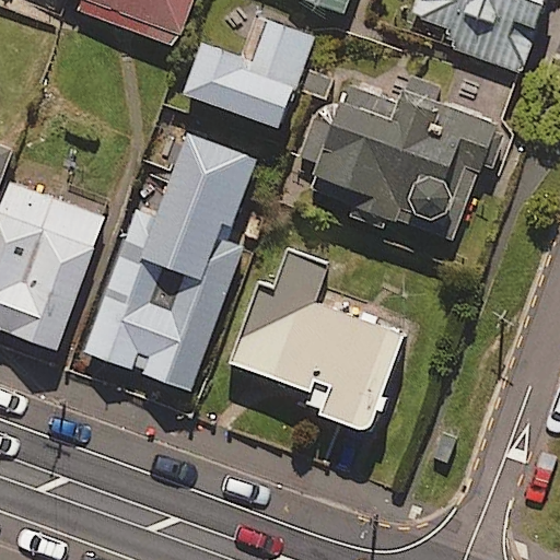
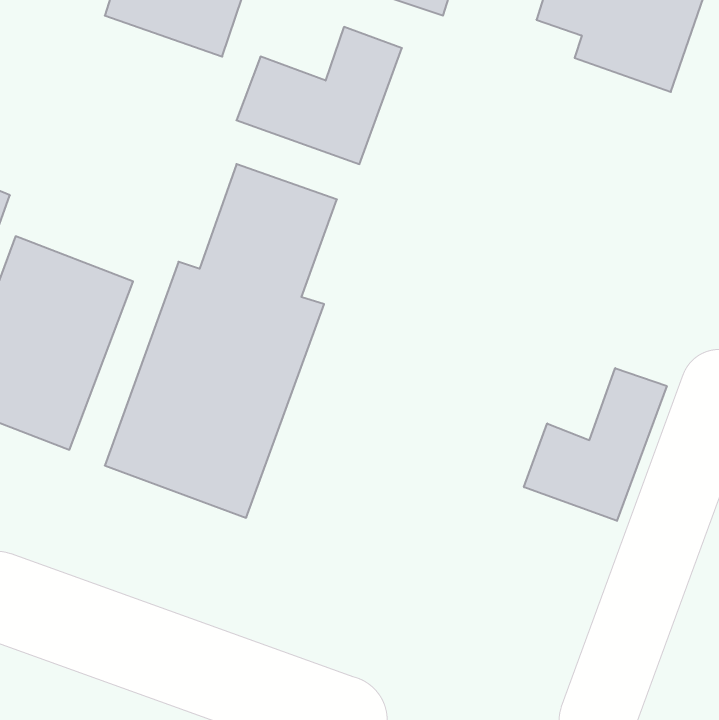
building: [296,85,494,240] -> none
building: [232,252,400,430] -> none
building: none -> [524,368,667,521]

